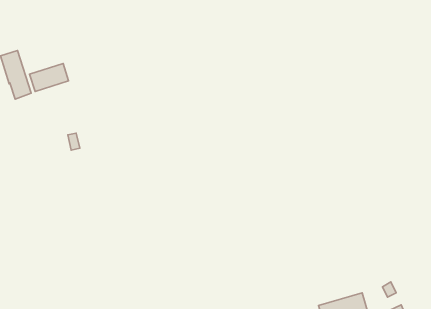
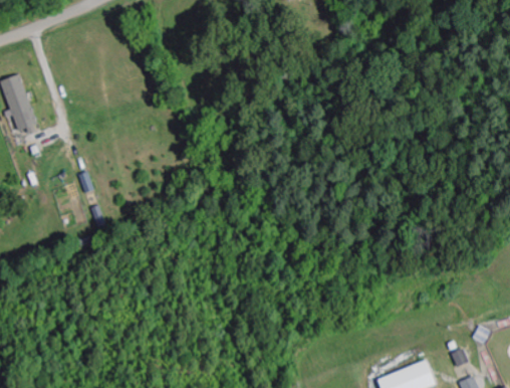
building: [30,63,69,92] -> none

